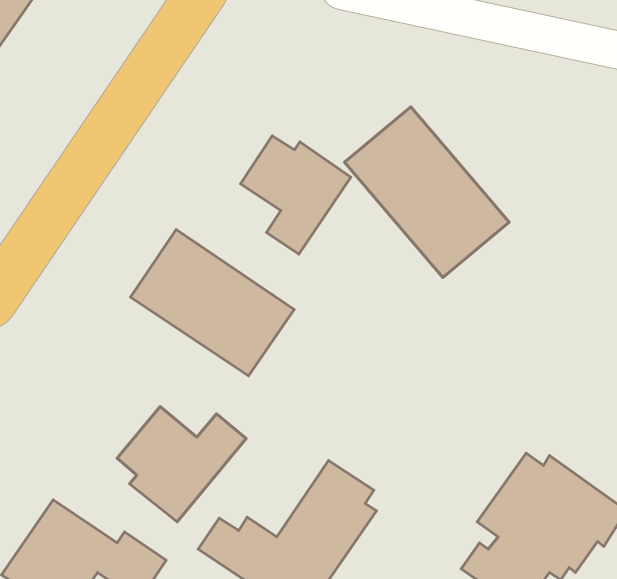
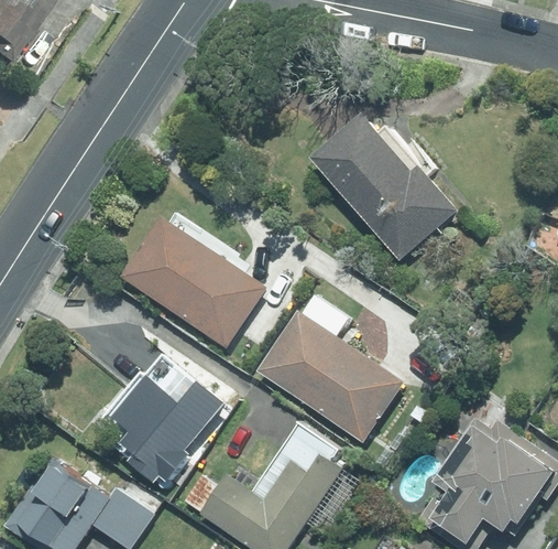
building: [240,136,351,254] -> none
building: none -> [258,311,403,442]

